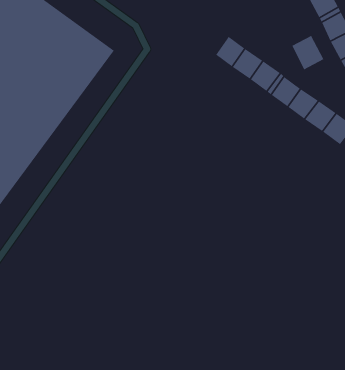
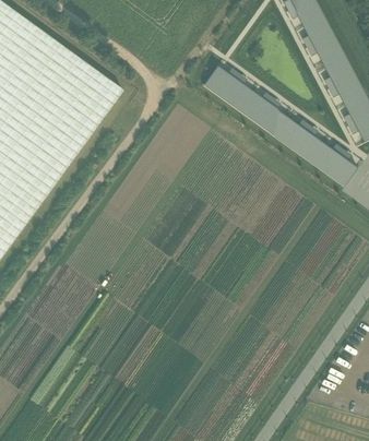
building: none -> [203,65,234,97]
building: [291,35,324,70] -> none

